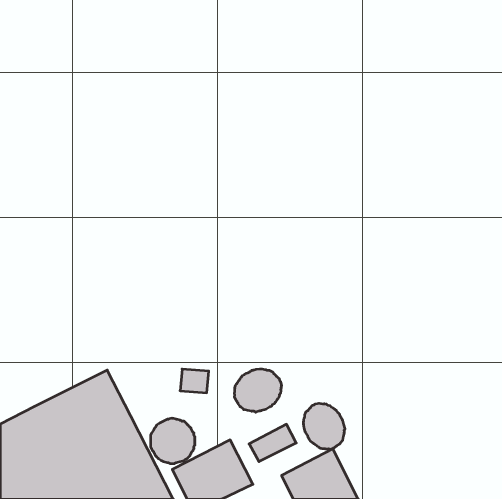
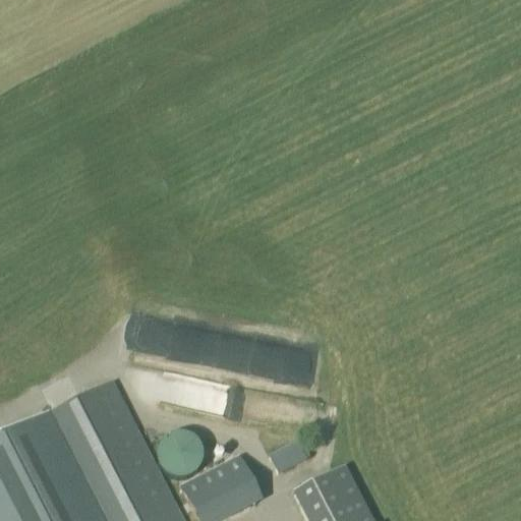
building: [234,369,281,412] -> none
building: [304,403,345,449] -> none

